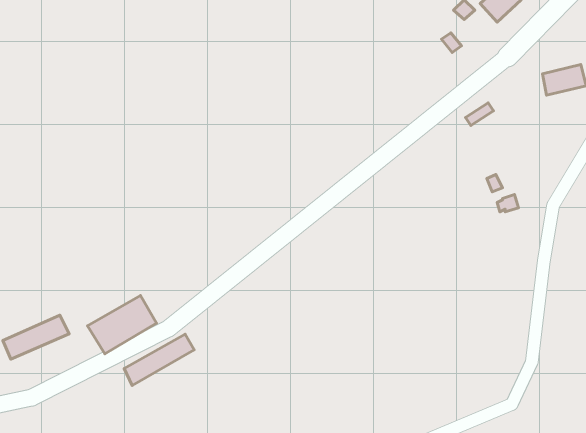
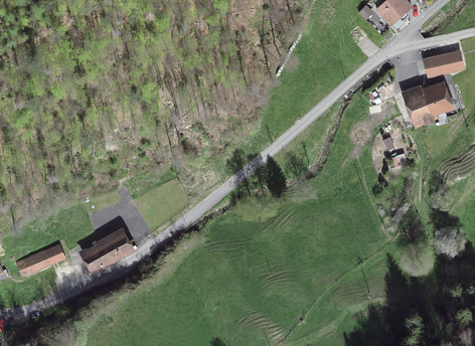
building: none -> [406,84,453,127]
building: [124,334,194,385] -> none

